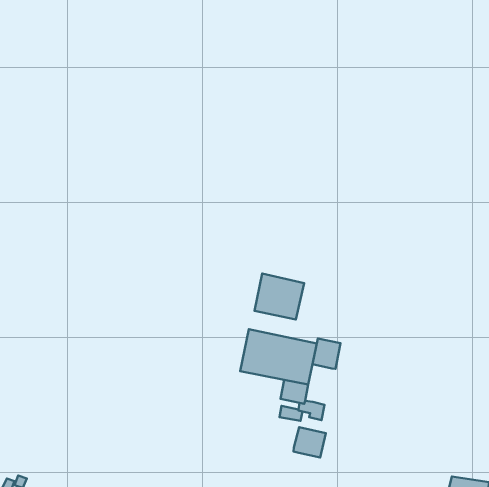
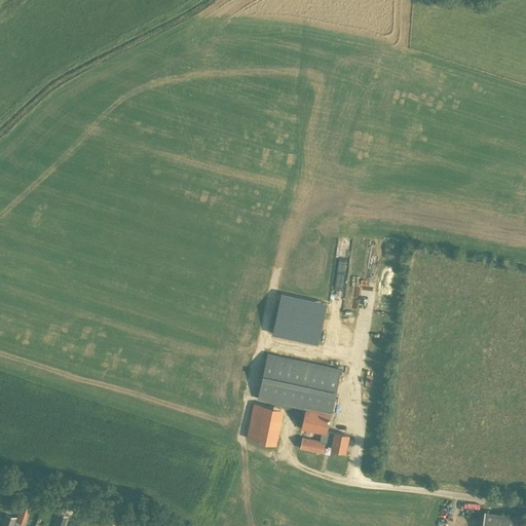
building: [313,338,341,369] -> none
building: none -> [247,405,284,446]
building: [293,427,326,458] -> none

